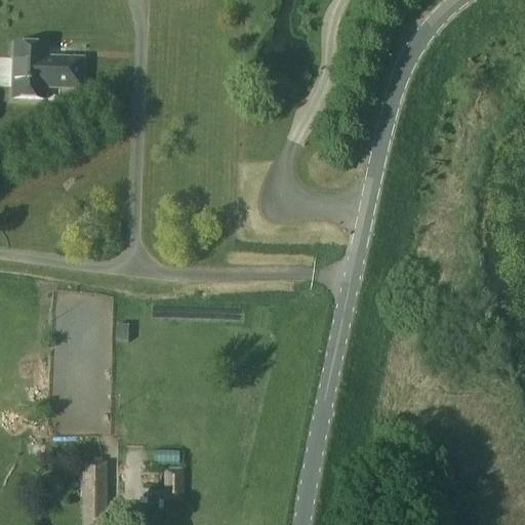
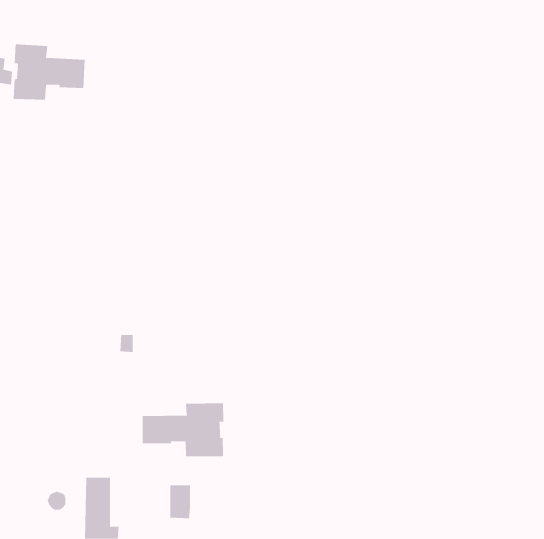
building: none -> [142,402,224,457]

